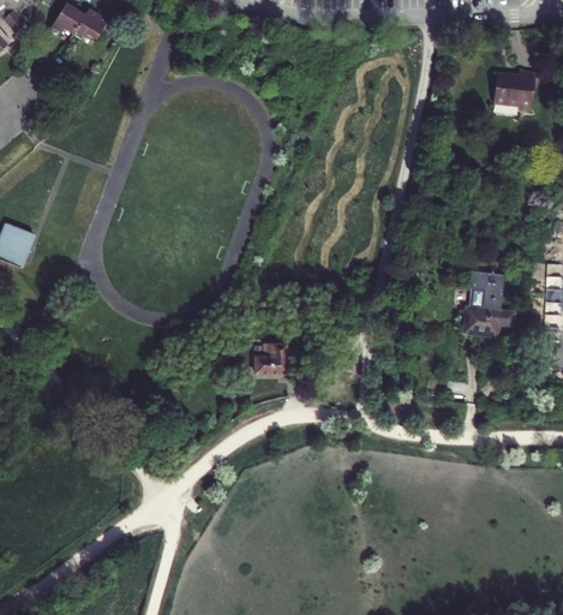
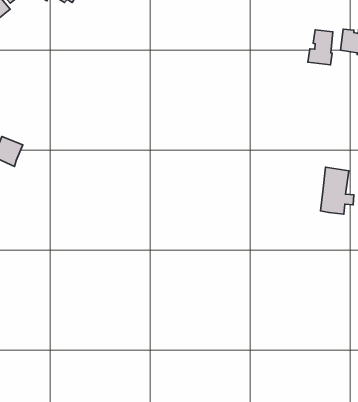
building: none -> [308,30,333,65]
building: [251,342,287,375] -> none

